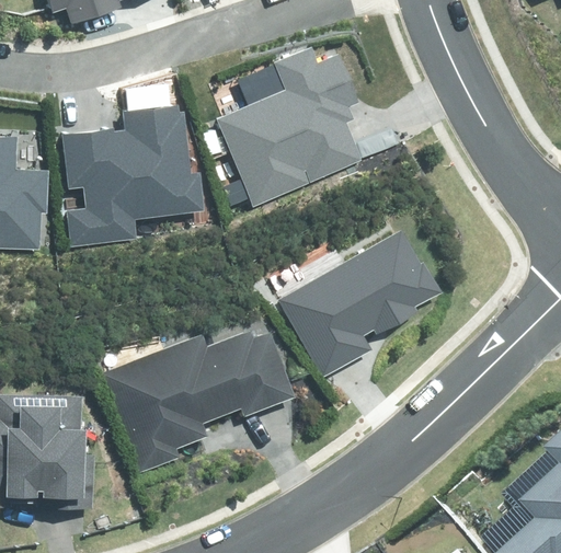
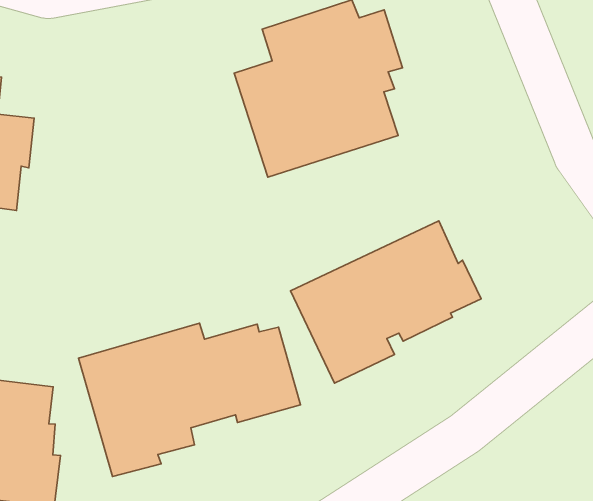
building: [60,105,205,247] -> none

